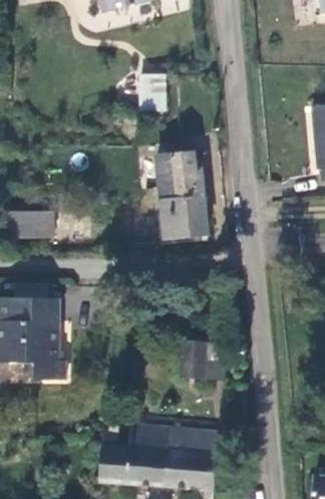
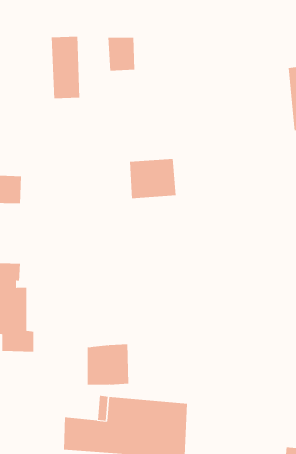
building: none -> [51,36,80,99]
building: [156,152,203,197] -> none
building: [181,338,222,379] -> [87,344,129,385]

